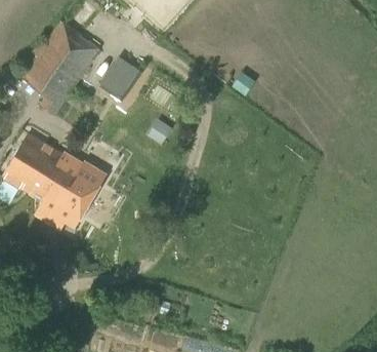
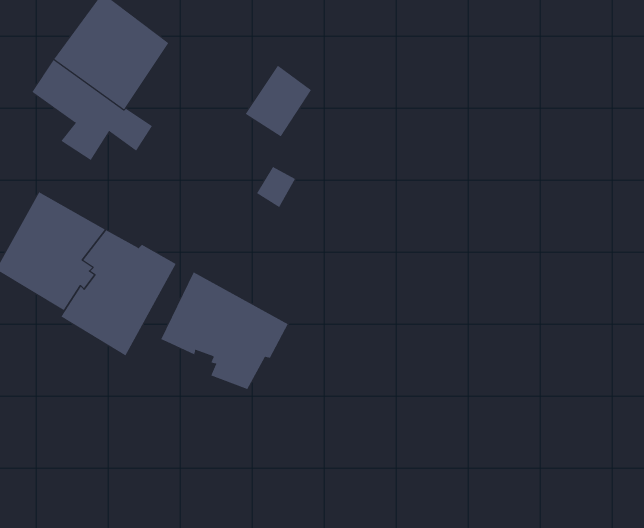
building: [99,55,137,96] -> [245,65,312,137]
building: none -> [160,272,288,390]

